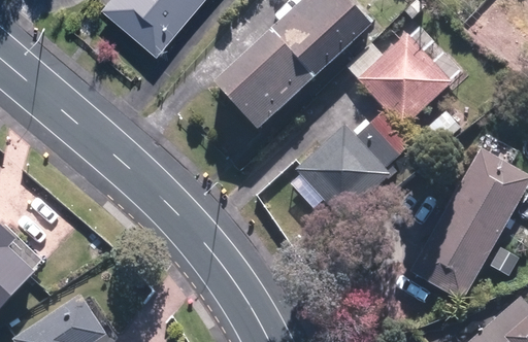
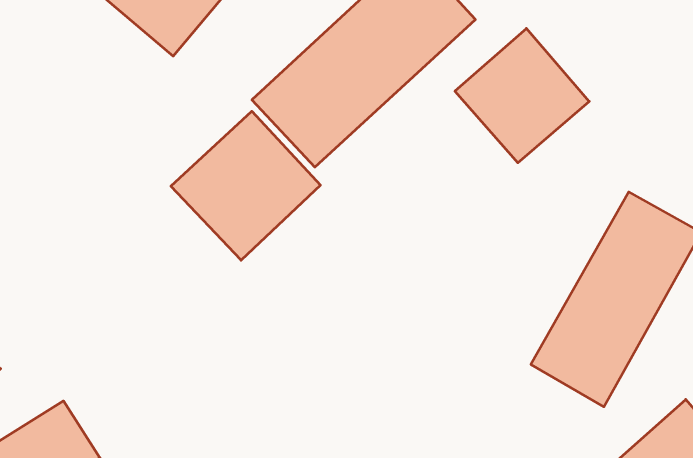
building: none -> [171,111,320,260]
building: [296,109,414,217] -> none

